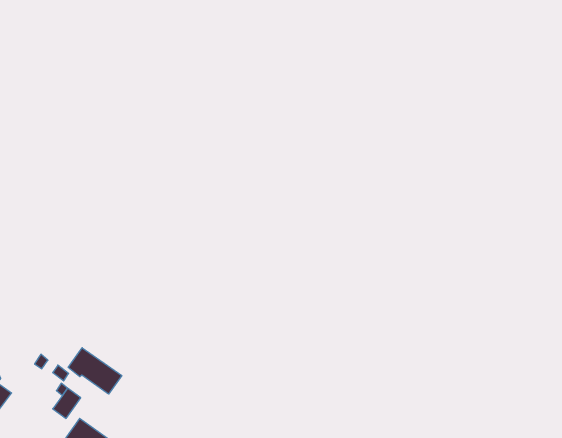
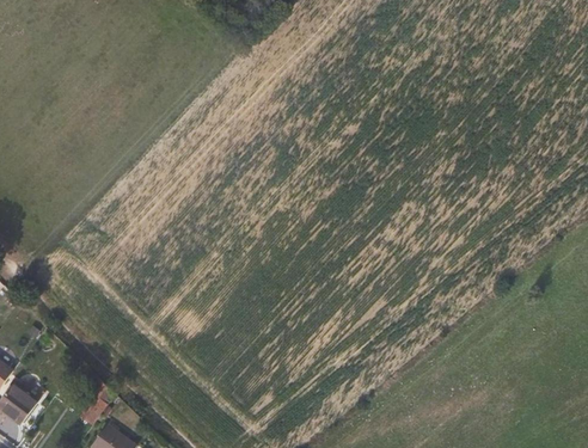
building: [68,348,122,394] -> none

